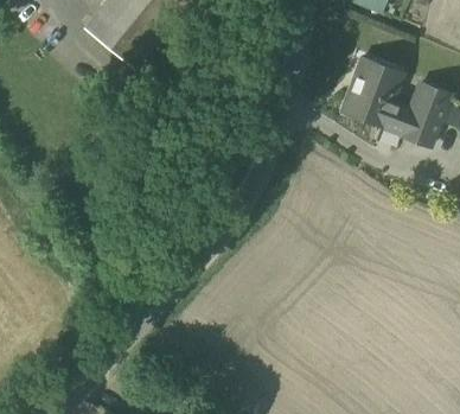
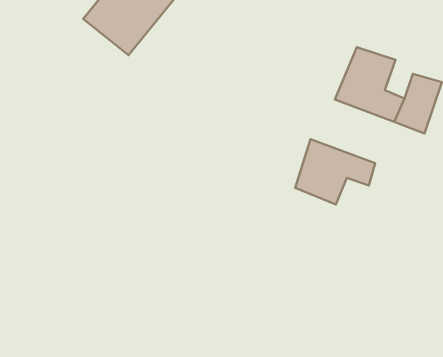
building: none -> [295,139,375,205]

